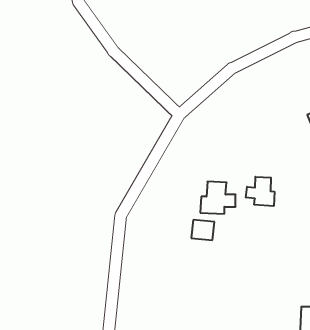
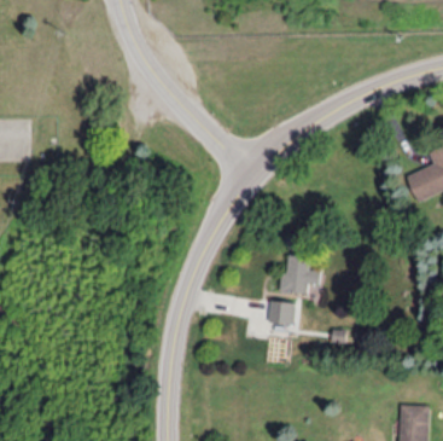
building: [246,177,274,206] -> none

